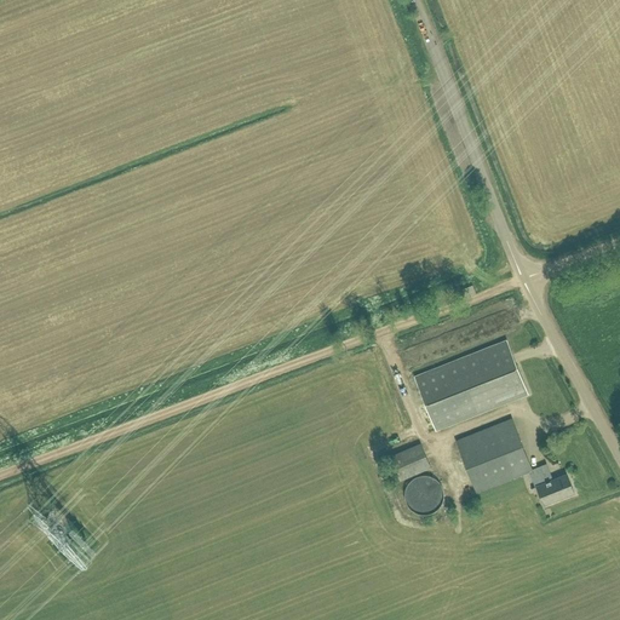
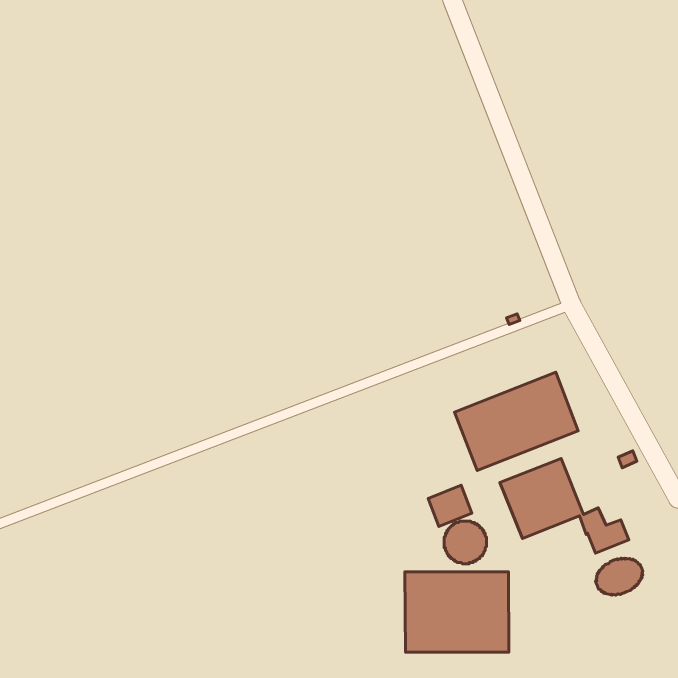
building: none -> [595,558,643,595]
building: none -> [405,572,509,652]

